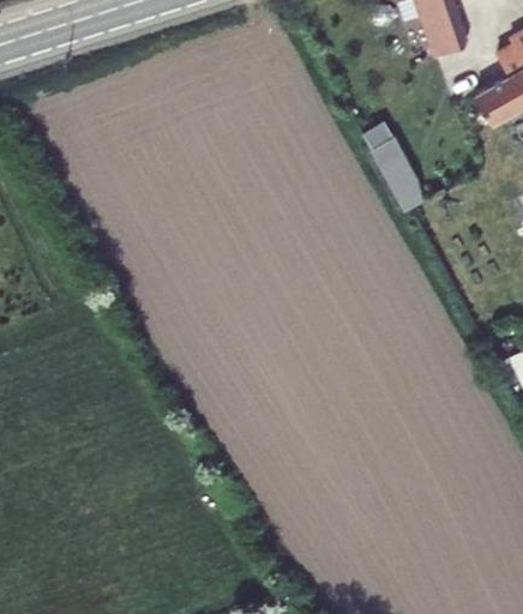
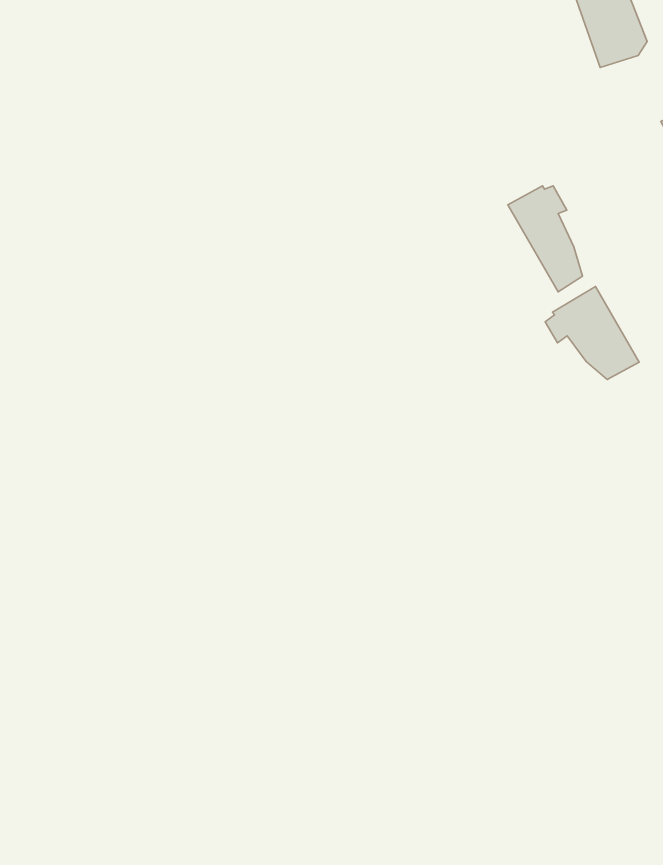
building: none -> [545,286,639,379]

